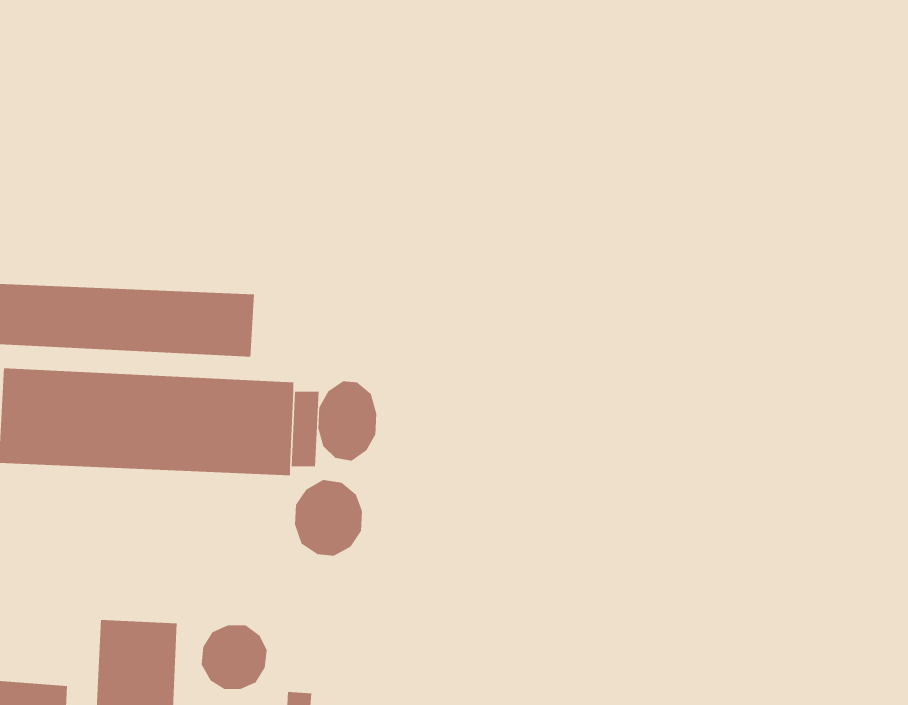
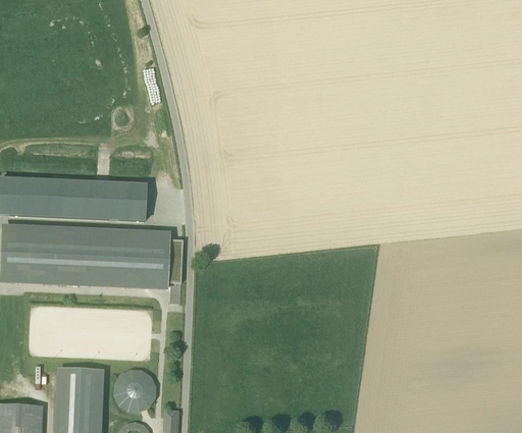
building: [318,380,377,461] -> none
building: [294,479,362,556] -> none

